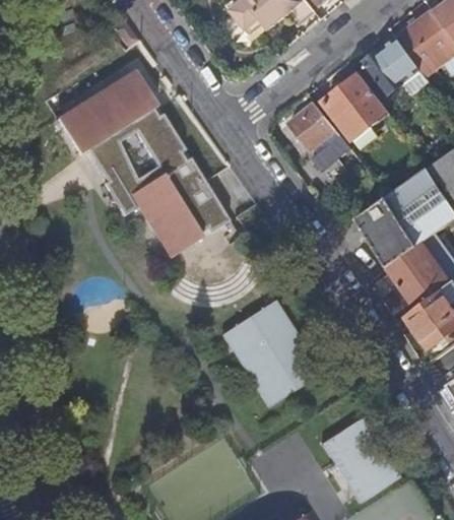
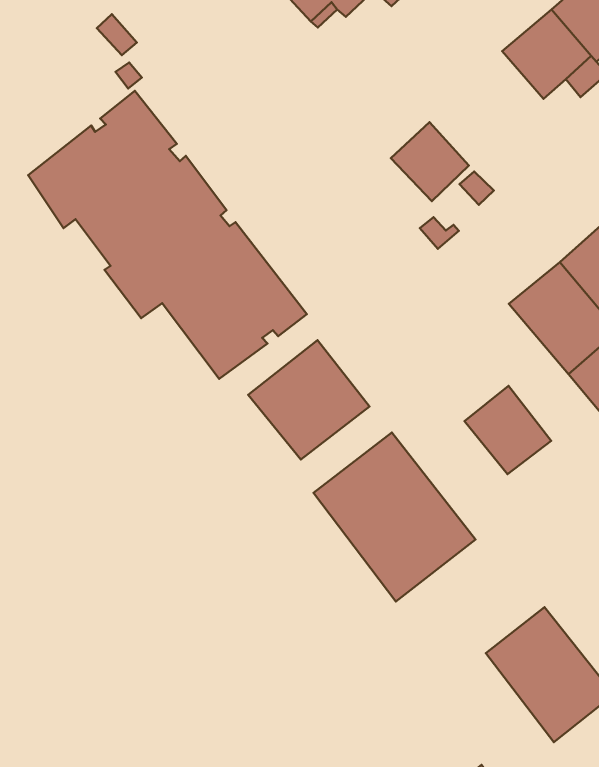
building: [324,73,389,150] -> none
building: none -> [248,340,370,460]
building: none -> [465,386,551,474]

